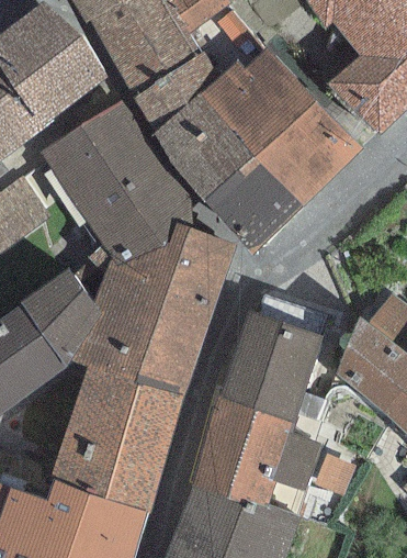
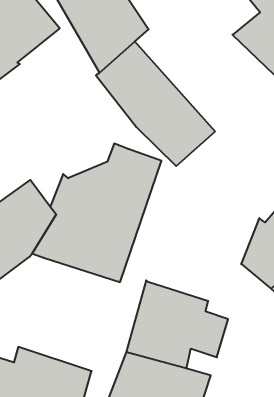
building: [202,48,362,207] -> none
building: [41,101,193,266] -> none
building: [219,311,323,422] -> none
building: [49,367,183,511] -> none

